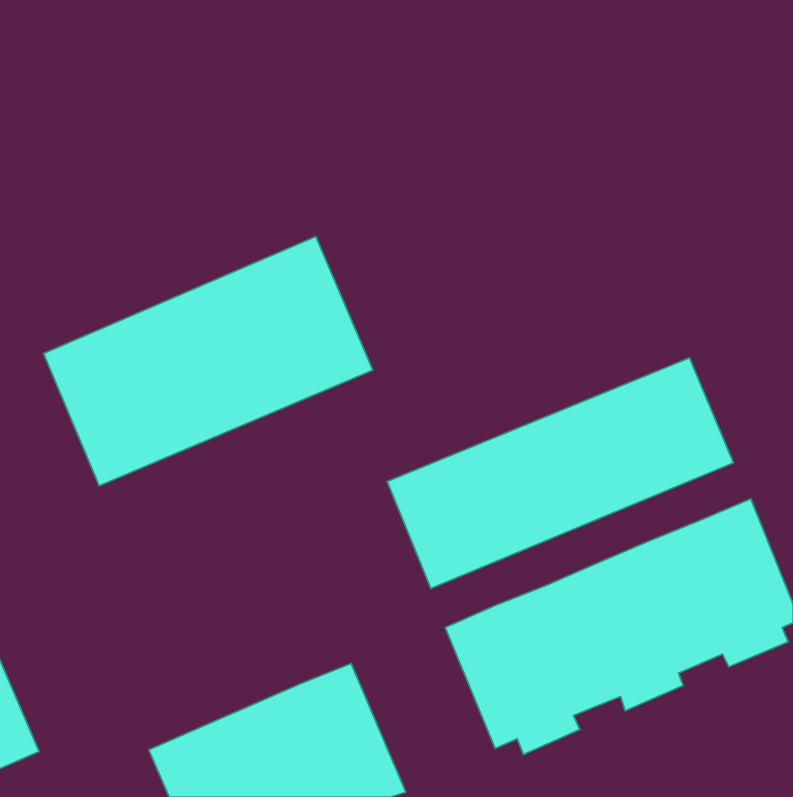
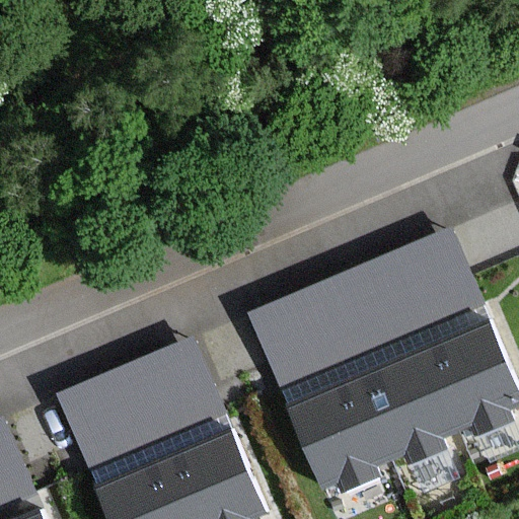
building: [44,237,373,486] -> none
building: none -> [60,340,219,466]

